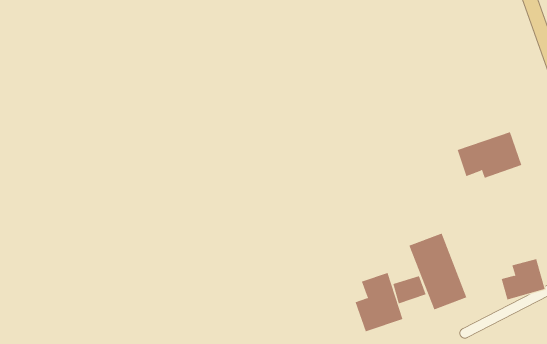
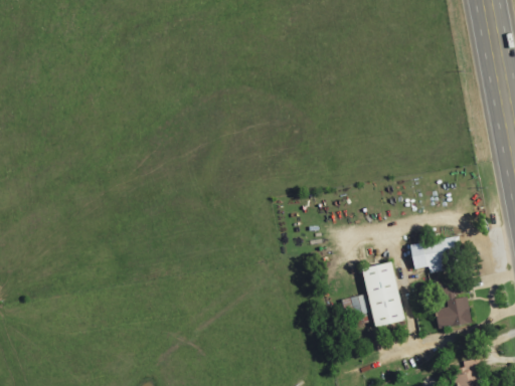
building: [457,132,522,179] -> [410,237,464,273]
building: [355,272,403,332] -> none

